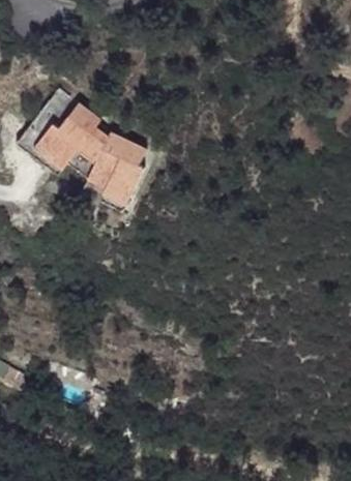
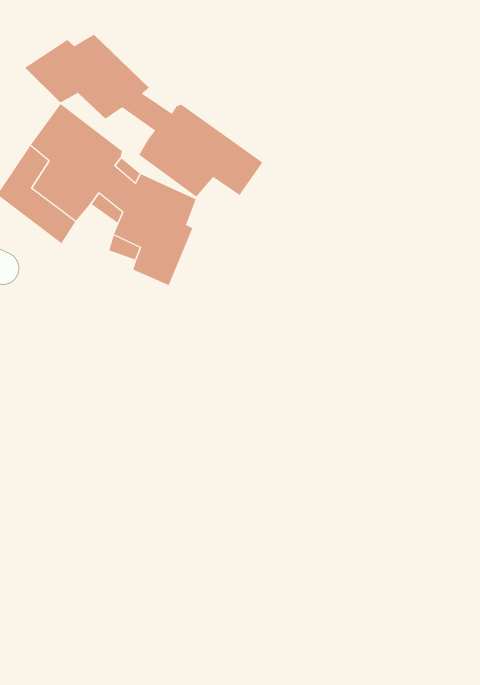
building: none -> [24,34,263,197]

